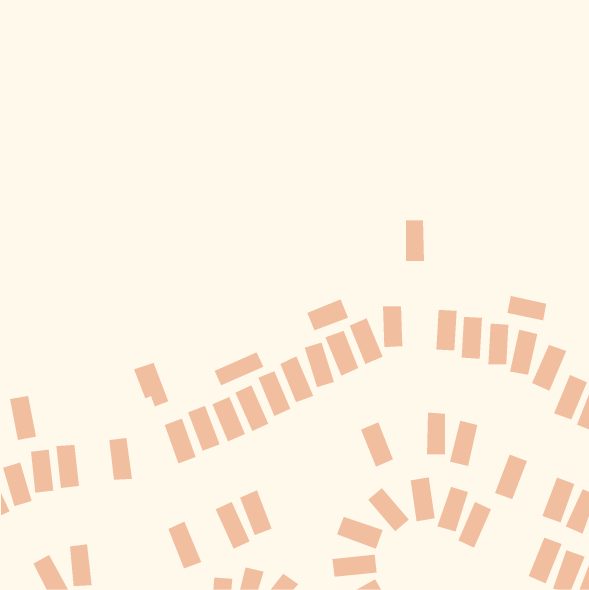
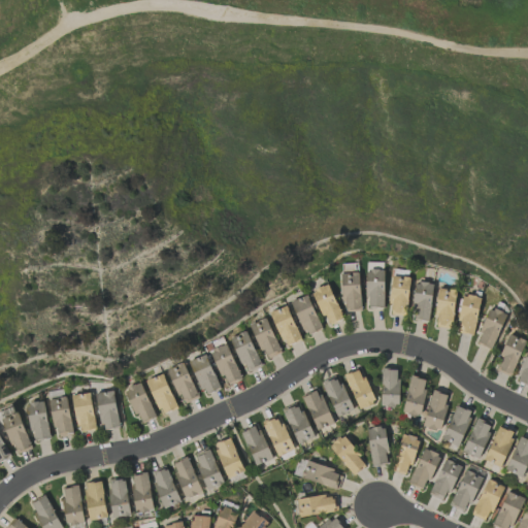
building: [405,220,425,261] -> [367,270,385,307]
building: [507,295,547,321] -> none
building: [306,298,349,331] -> none
building: [214,351,264,386] -> none
building: [133,362,169,407] -> [124,383,156,423]
building: [9,395,37,440] -> [72,392,97,432]
building: none -> [344,368,375,409]
building: none -> [304,390,332,430]
building: none -> [423,390,450,431]
building: none -> [283,402,314,444]
building: none -> [263,416,294,457]
building: none -> [463,417,493,459]
building: none -> [242,425,271,466]
building: none -> [172,457,202,498]
building: none -> [429,459,461,501]
building: none -> [451,470,483,512]
building: none -> [131,473,153,513]
building: none -> [109,480,130,518]
building: none -> [86,482,106,520]

